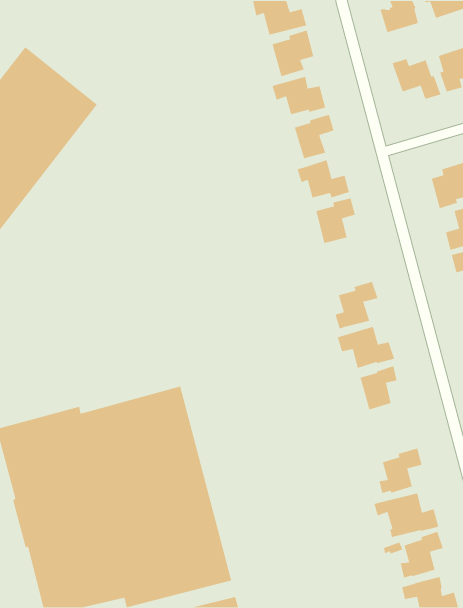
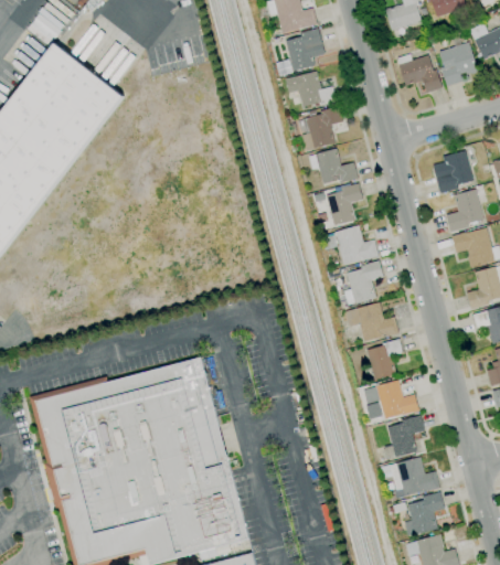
building: none -> [327,225,379,265]
building: none -> [363,380,419,419]

